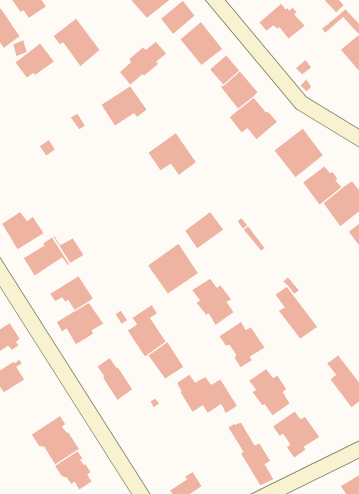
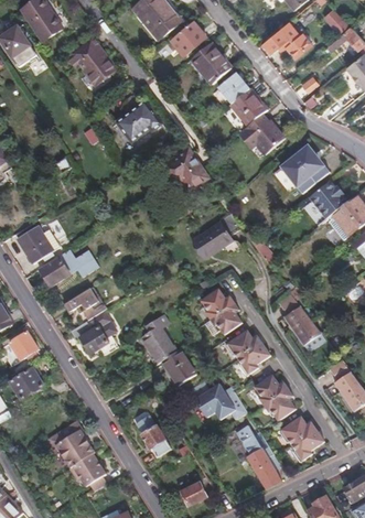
building: [119,41,167,85] -> none
building: [14,42,55,79] -> none
building: [147,243,199,294] -> none
building: [97,357,133,401] -> [136,417,171,458]

